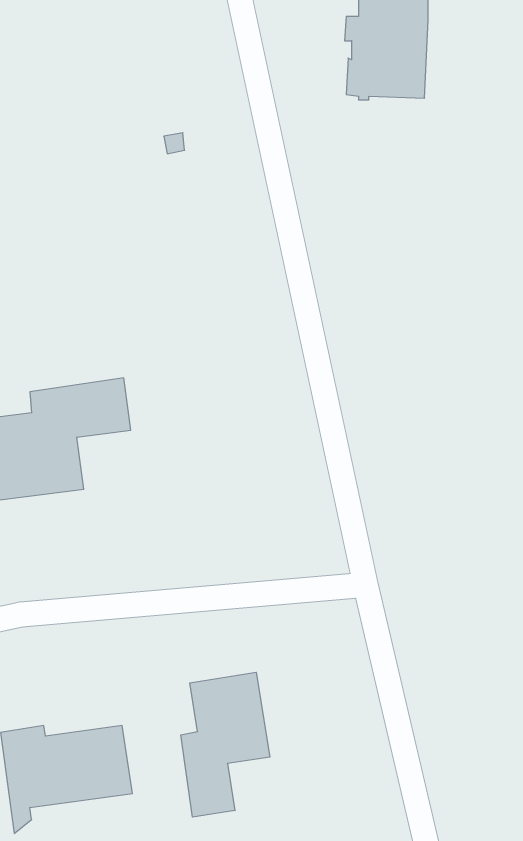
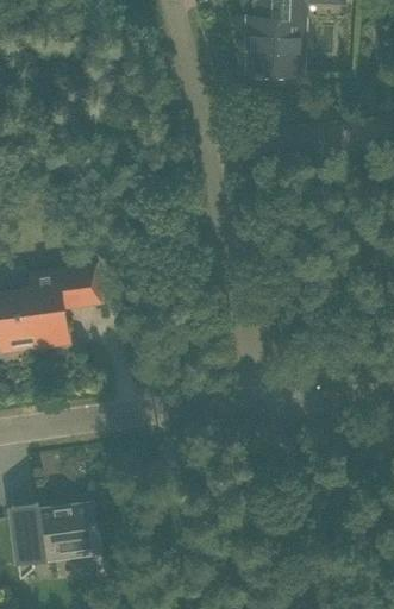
building: [181,672,270,817] -> none

